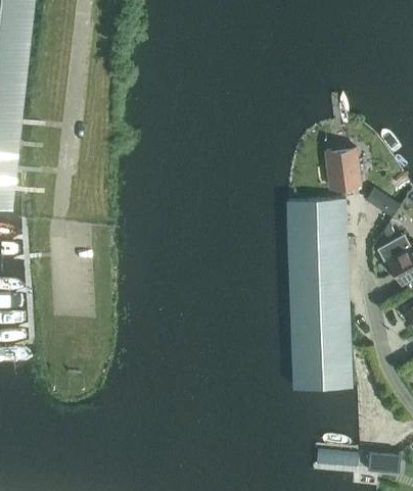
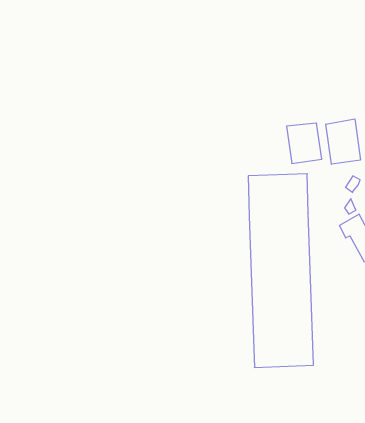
building: none -> [326,119,360,164]

